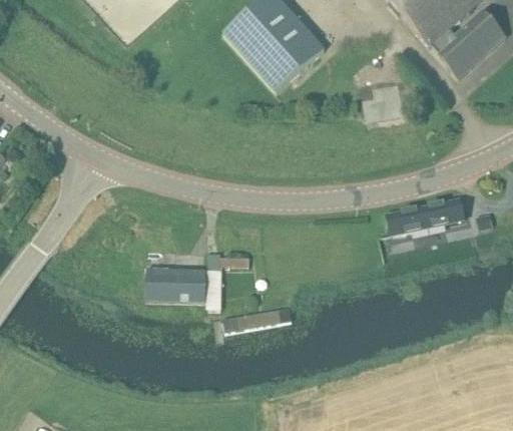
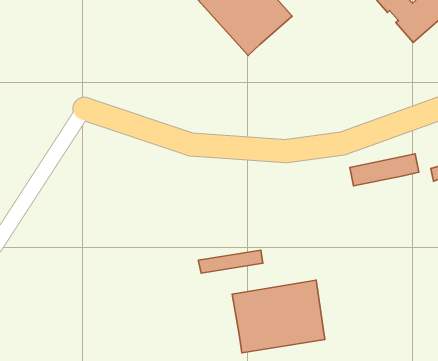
building: [145,252,249,309] -> none
building: none -> [232,280,325,353]

